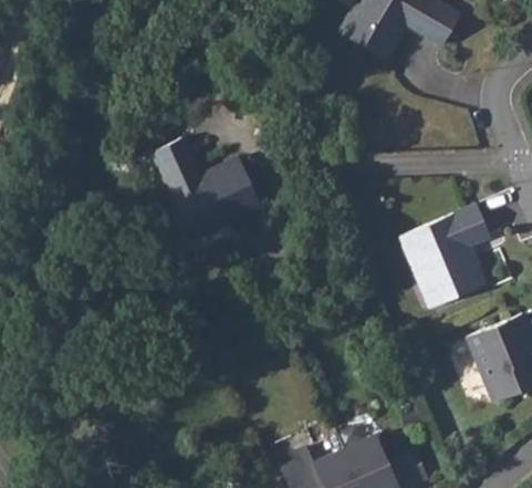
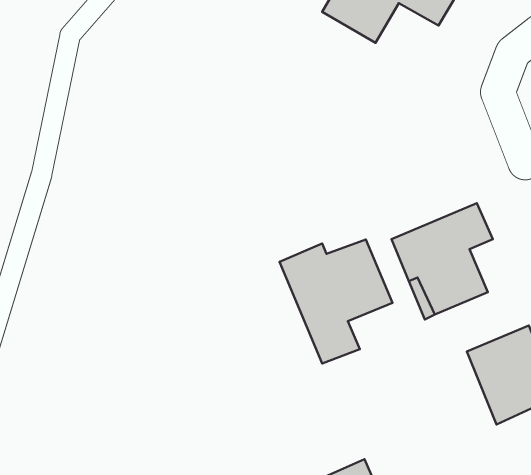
building: [152,137,261,239] -> none
building: none -> [280,240,392,364]

